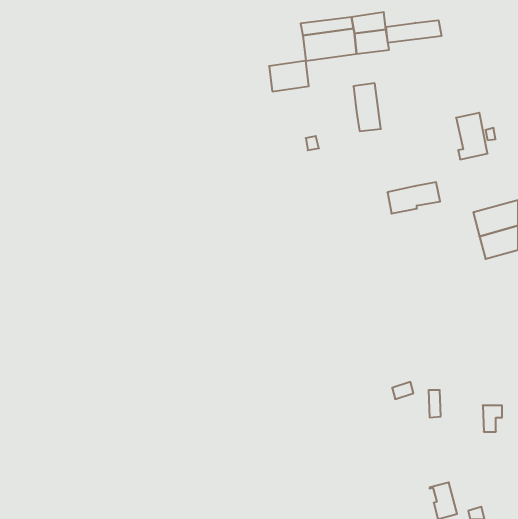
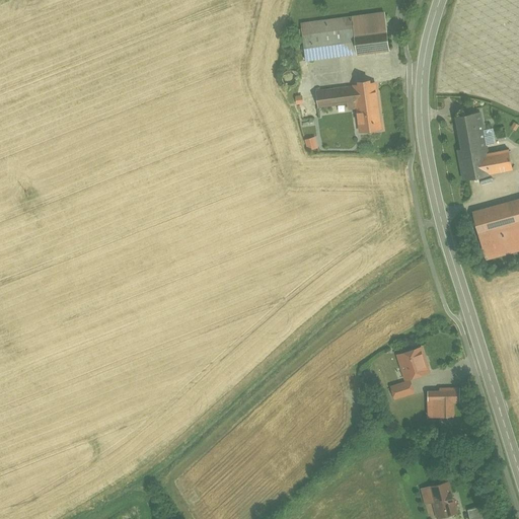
building: [386,20,441,43] -> none
building: [269,61,309,91] -> [316,86,356,117]
building: [387,182,440,214] -> [459,149,512,180]
building: none -> [398,348,428,378]
building: [483,405,502,432] -> [439,389,458,416]

